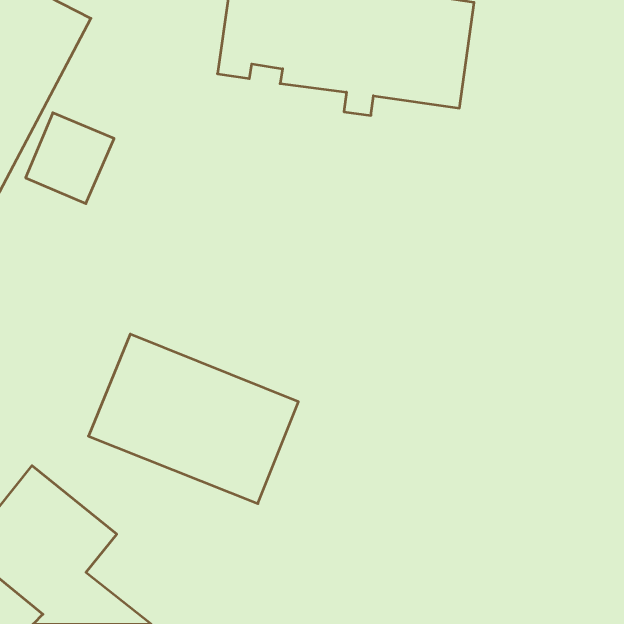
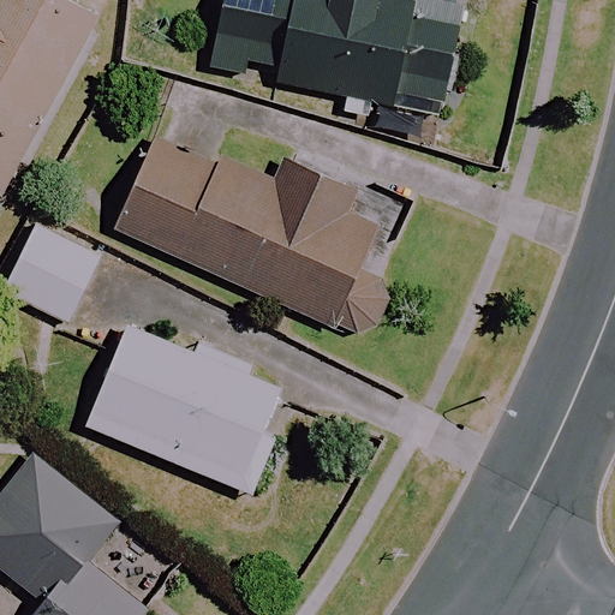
building: [26,113,114,204] -> [10,231,96,320]
building: none -> [117,137,384,336]

